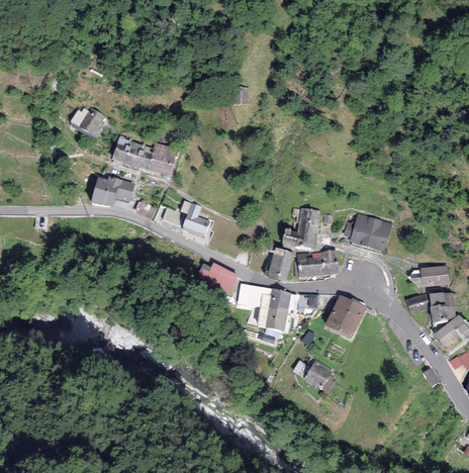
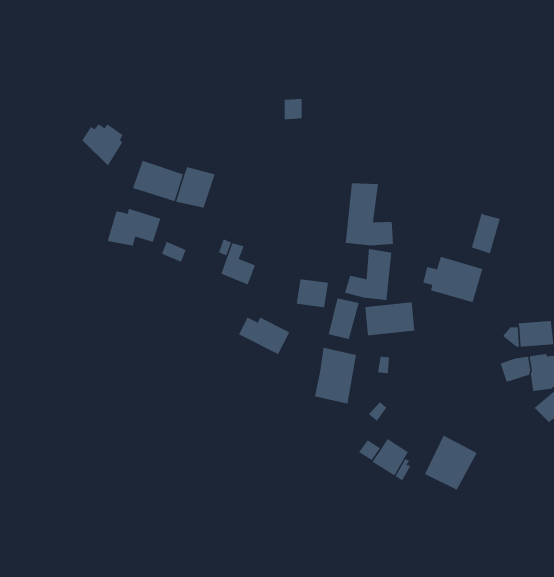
building: none -> [345,182,393,246]
building: none -> [471,212,501,254]
building: [238,283,264,306] -> [296,279,329,308]
building: [324,294,367,339] -> [424,435,477,491]

